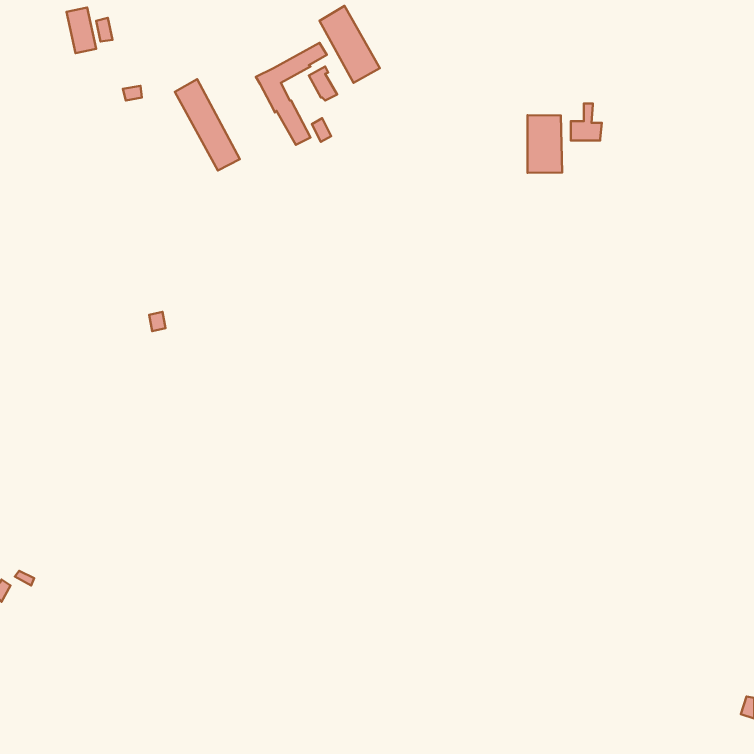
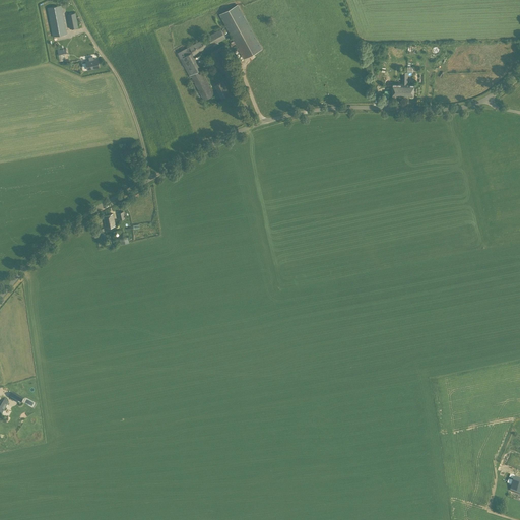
building: [175,79,240,170] -> none
building: [528,115,562,173] -> none

